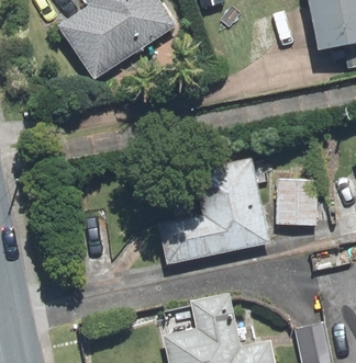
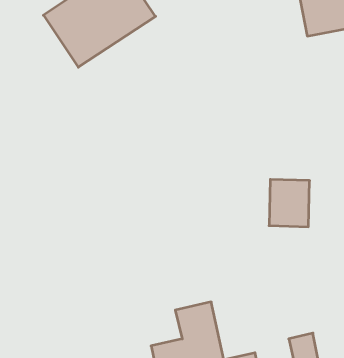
building: [163,161,266,258] -> none

